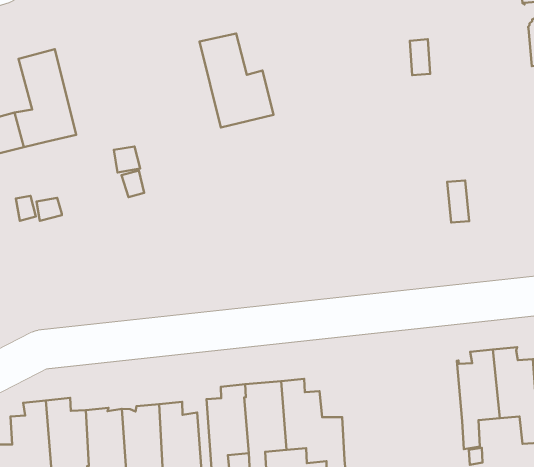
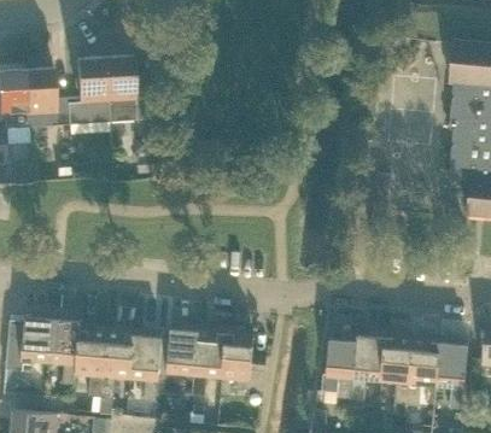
building: [199,34,273,127] -> [104,55,148,122]
building: none -> [321,333,357,392]

